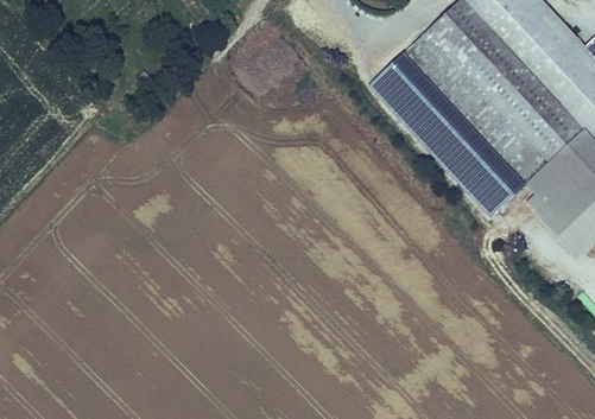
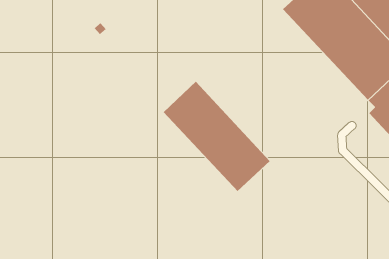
building: [369,52,526,215] -> none
building: none -> [163,81,271,192]

